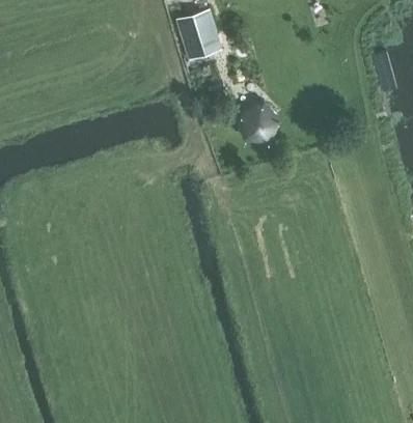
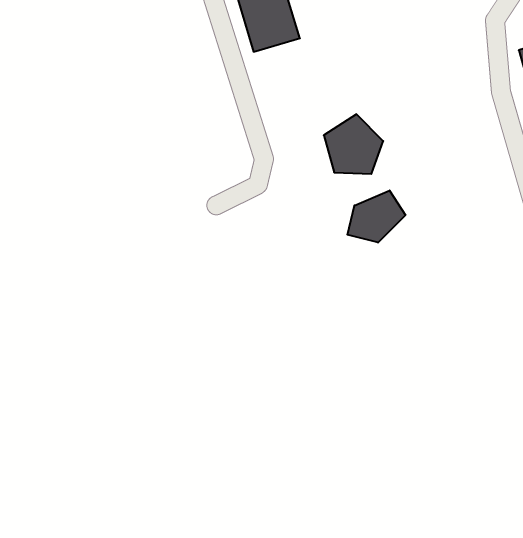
building: none -> [347,190,405,243]

